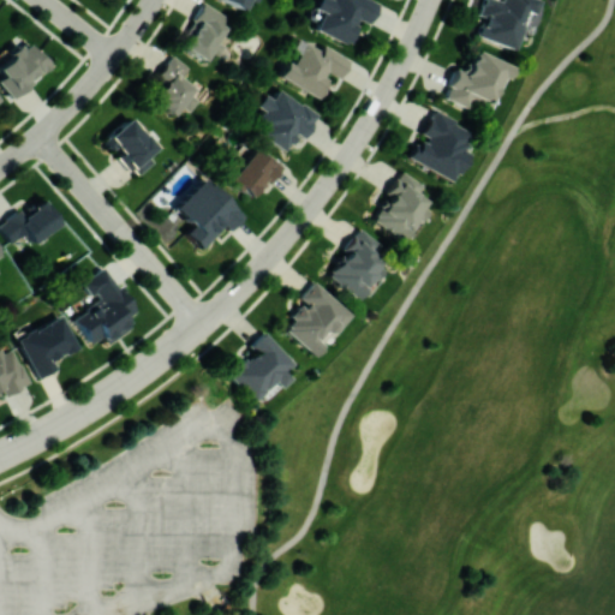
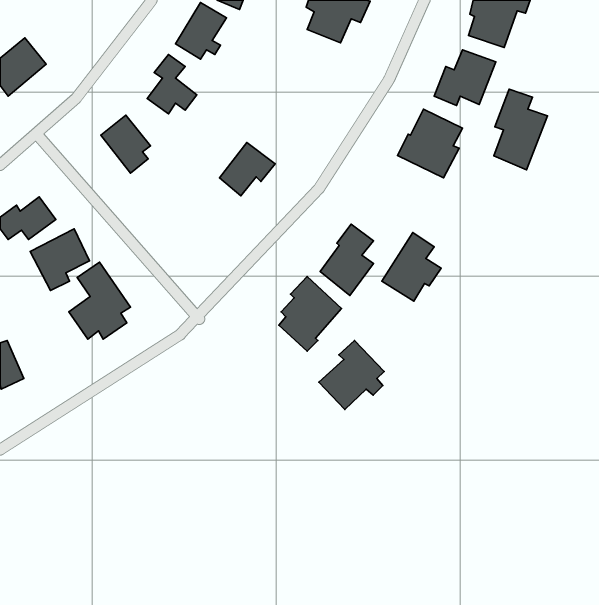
building: [281,42,353,97] -> none
building: [256,90,321,151] -> none
building: none -> [494,89,548,170]
building: [375,172,435,241] -> [382,232,441,301]
building: [178,178,246,249] -> none
building: [22,316,82,378] -> [30,229,90,291]
building: [232,333,298,402] -> [319,341,384,409]

